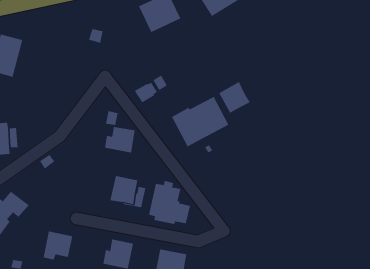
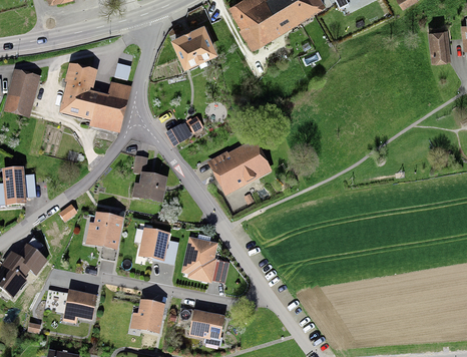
building: none -> [59,63,132,132]
building: [219,81,251,113] -> none
building: none -> [85,212,124,261]

